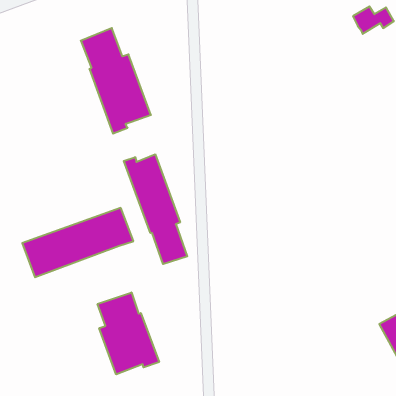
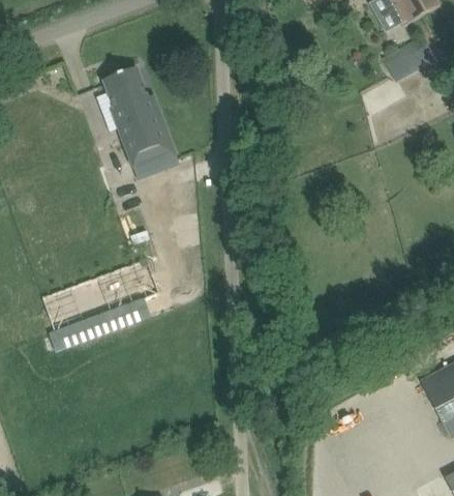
building: [124,154,187,264] -> none
building: [98,292,159,374] -> none

